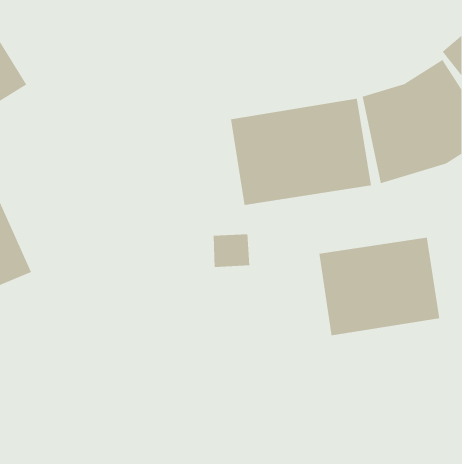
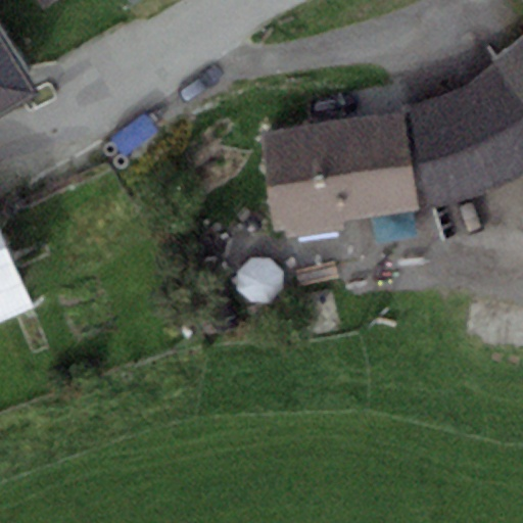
building: [319,237,440,336] -> none

